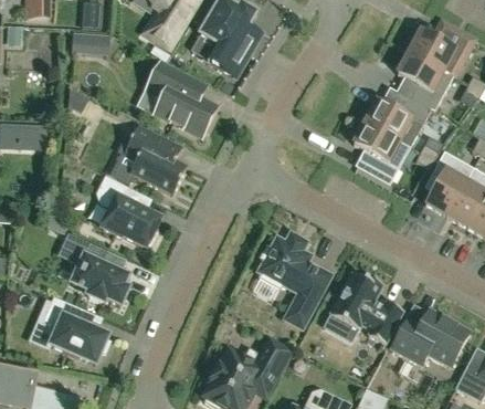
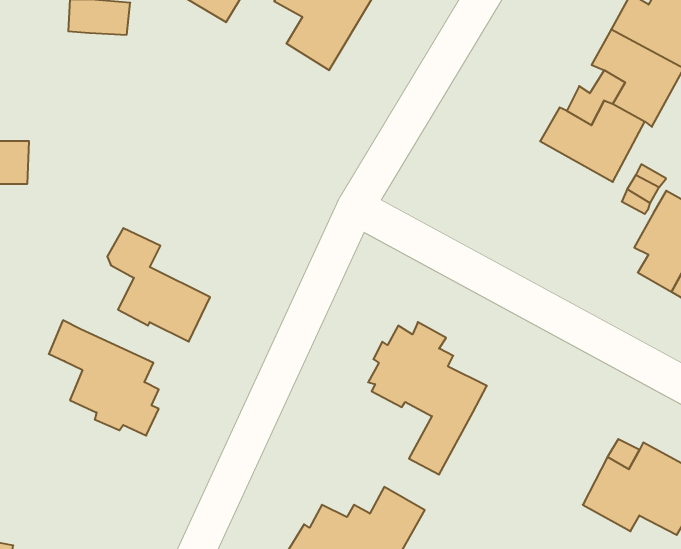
building: [146,63,215,137] -> none
building: [352,122,410,183] -> none
building: [123,126,186,195] -> none
building: [323,273,402,344] -> none
building: [42,296,109,364] -> none

